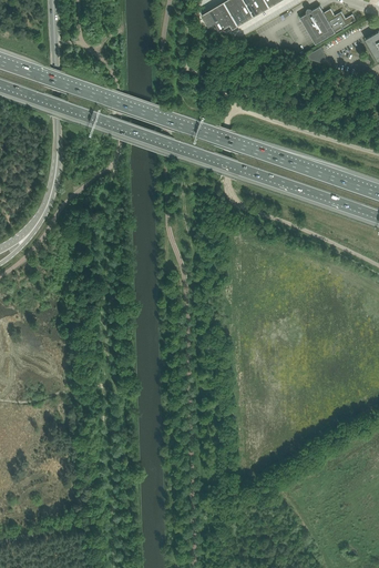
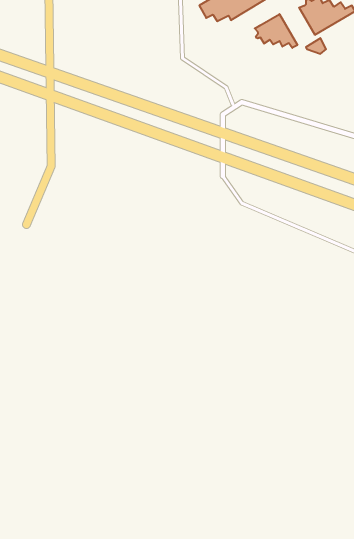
building: none -> [255,14,297,48]

